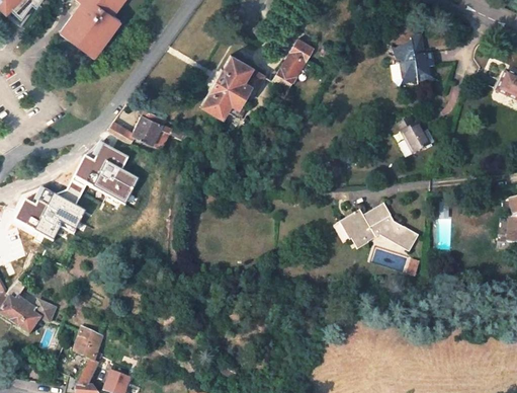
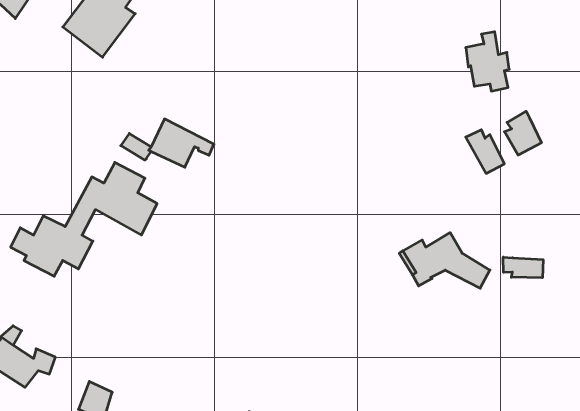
building: [274,38,313,86] -> none
building: [201,54,262,115] -> none
building: none -> [504,111,541,155]
building: none -> [503,257,543,278]

